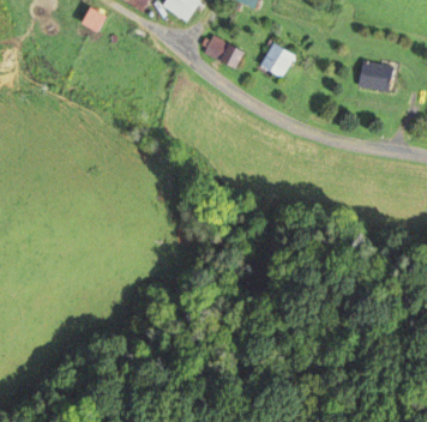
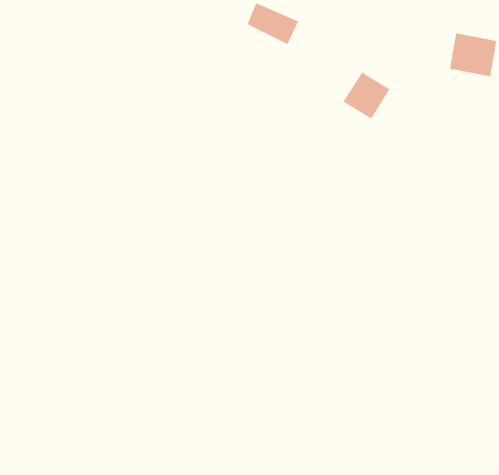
building: [260,41,296,77] -> [343,71,391,119]

